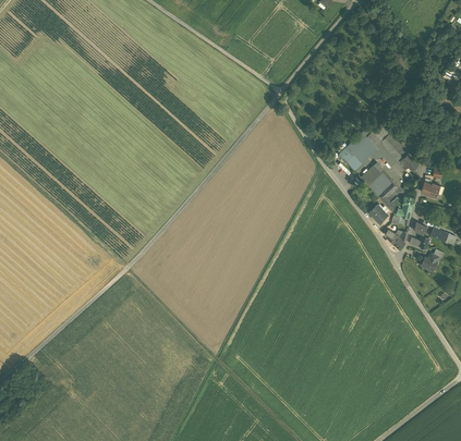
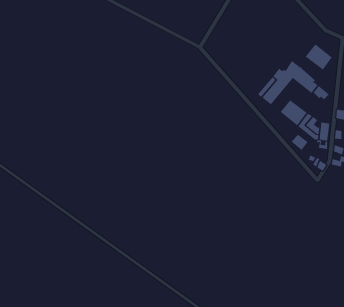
building: none -> [305,43,333,70]

